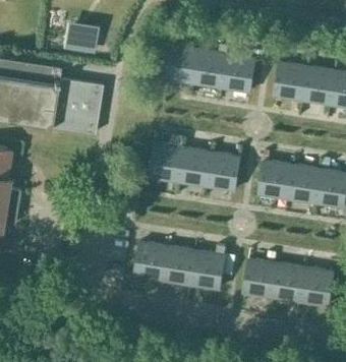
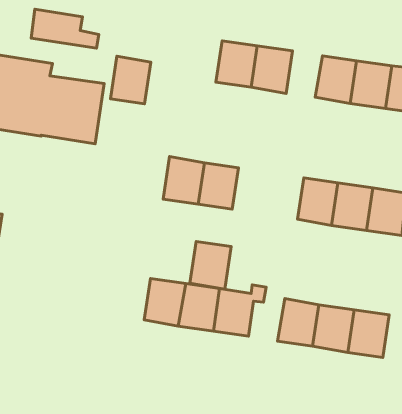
building: [166,44,198,82] -> [111,56,151,104]
building: [207,152,240,190] -> [190,242,231,289]

